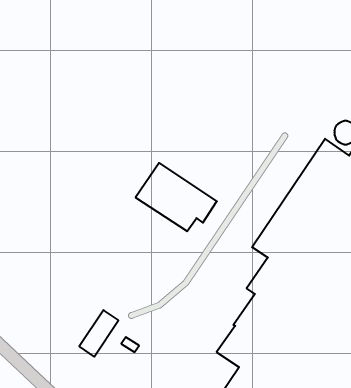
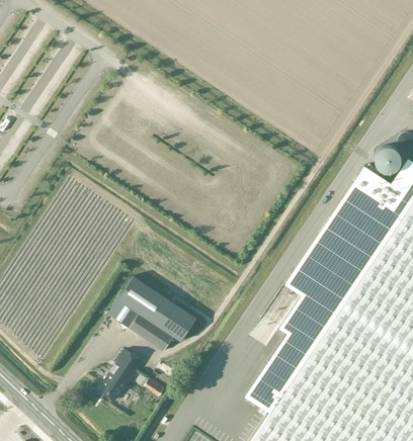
building: [136,163,217,231] -> [109,279,197,353]

